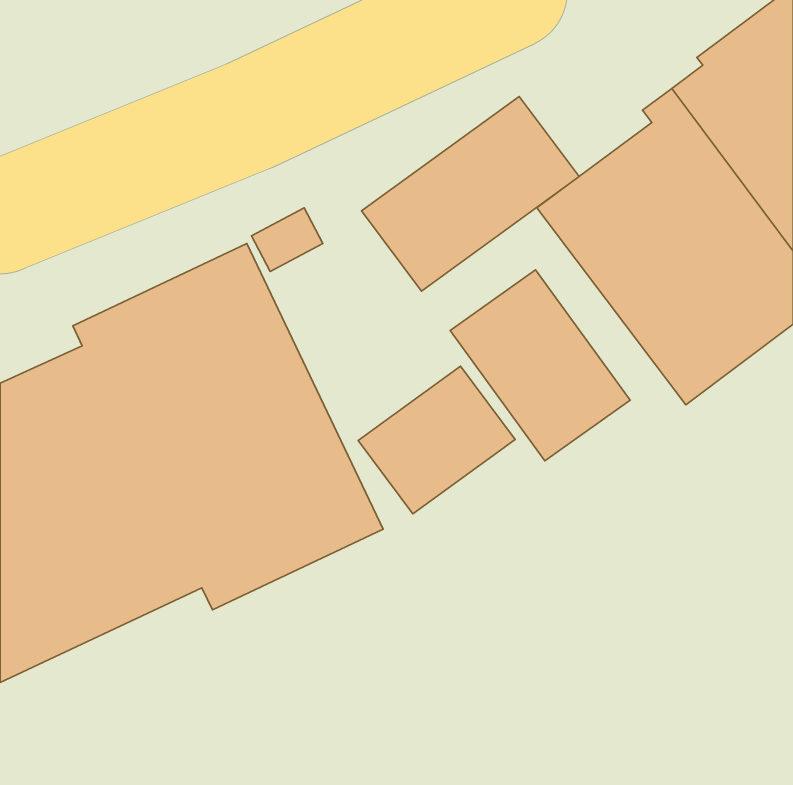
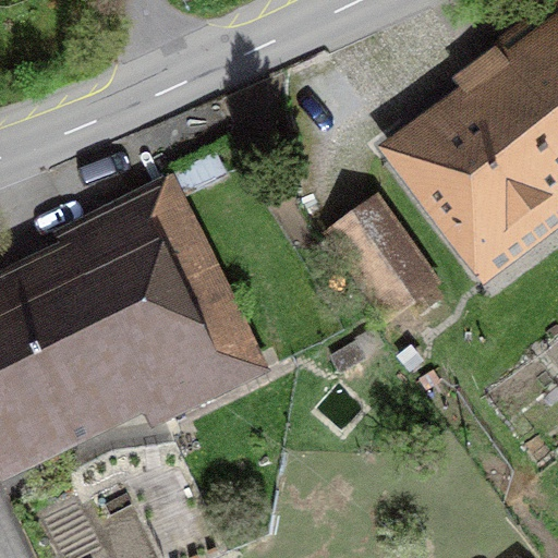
building: [361,96,579,291] -> none
building: [358,366,515,514] -> none

